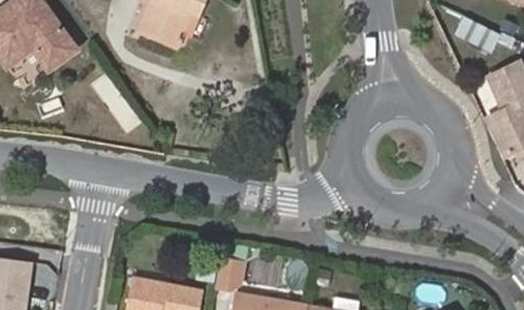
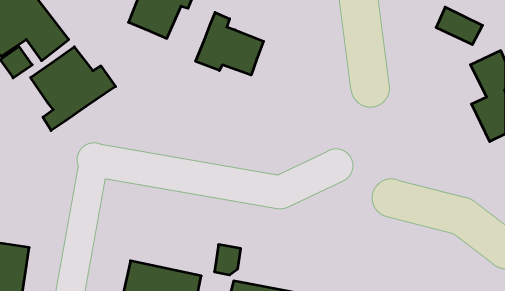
building: none -> [196,12,264,75]
building: none -> [31,47,116,131]

